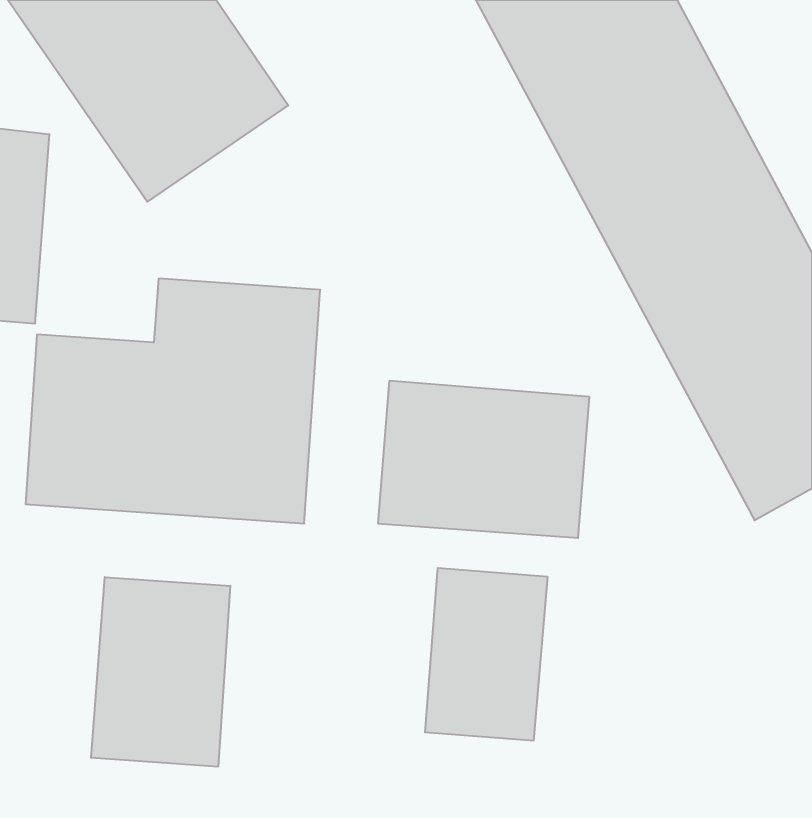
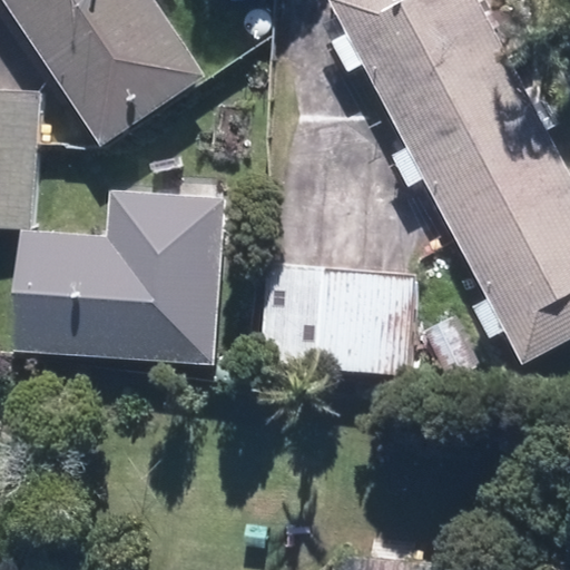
building: [425,568,547,741] -> none
building: [91,577,230,767] -> none

